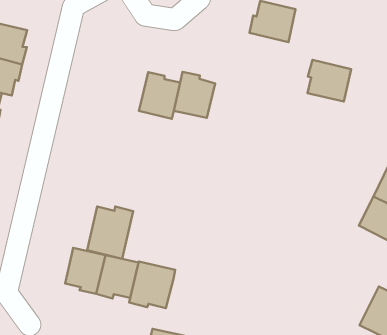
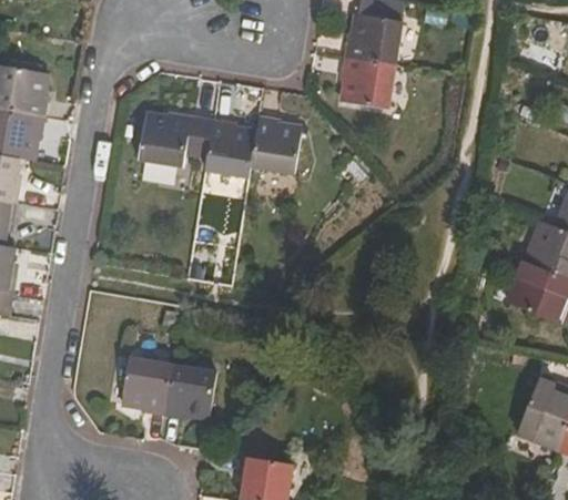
building: [308,60,351,101] -> [339,57,396,109]
building: none -> [139,110,213,167]
building: [87,207,133,259] -> none
building: [129,262,175,308] -> none

